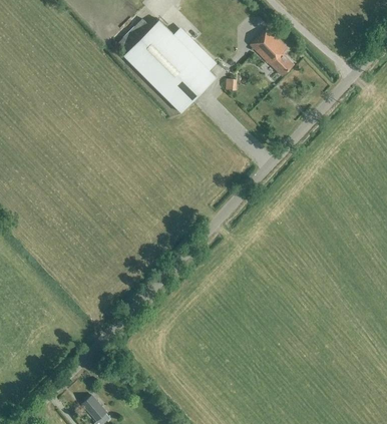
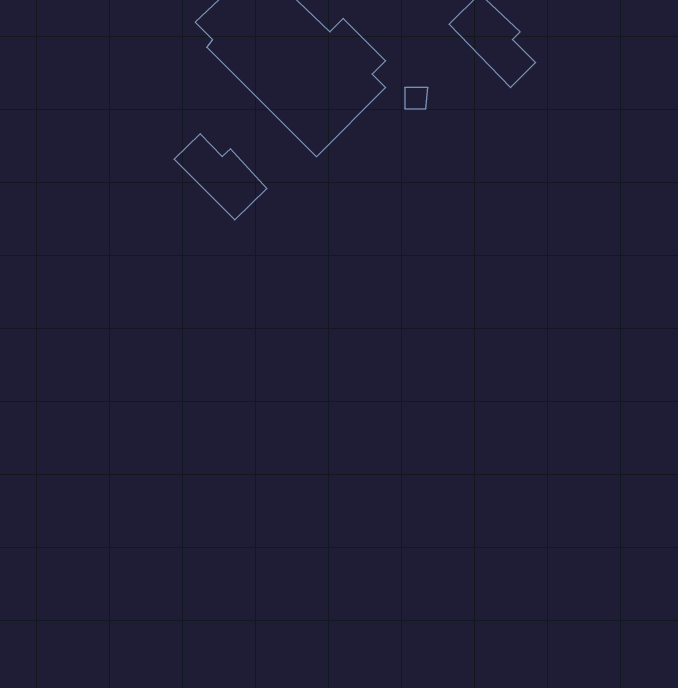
building: none -> [174,134,267,220]

